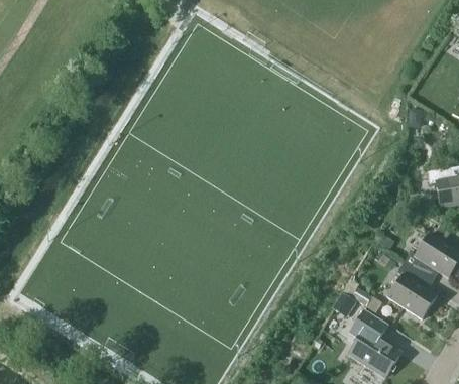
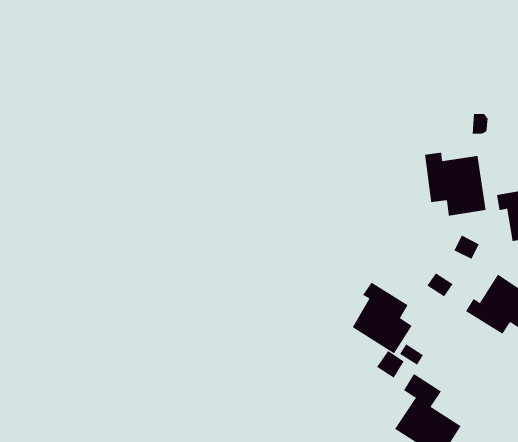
building: none -> [425,152,486,217]
building: [388,262,436,318] -> [352,282,412,354]

